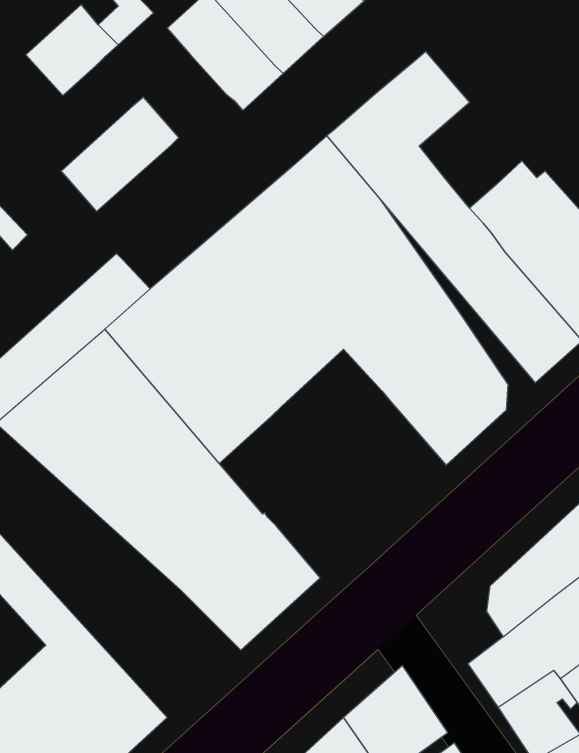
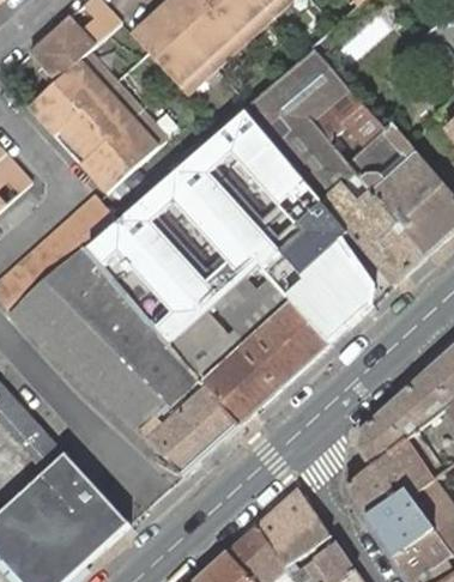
building: none -> [29,53,114,134]
building: none -> [310,85,383,144]
building: none -> [80,110,165,192]
building: none -> [168,261,329,424]

